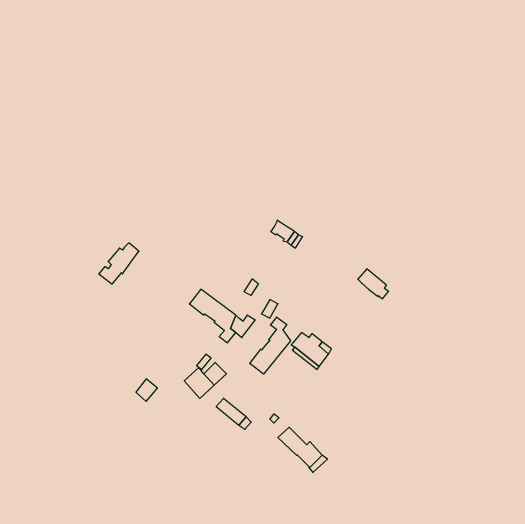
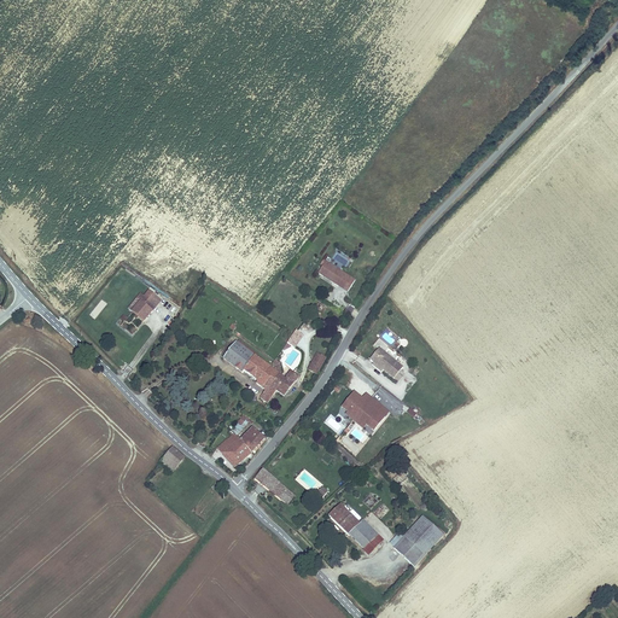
building: [358,269,389,299] -> [368,345,404,380]
building: [250,317,290,374] -> none
building: none -> [393,513,443,566]

